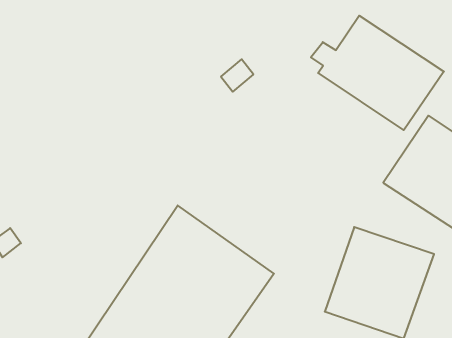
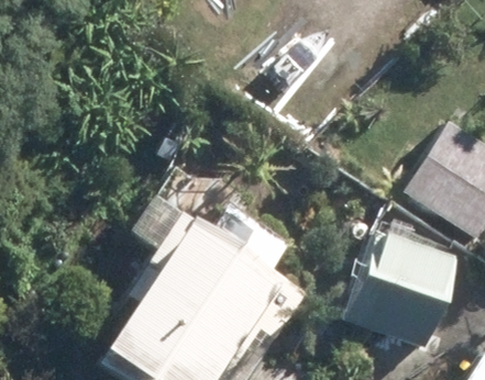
building: [311,16,444,130] -> none

